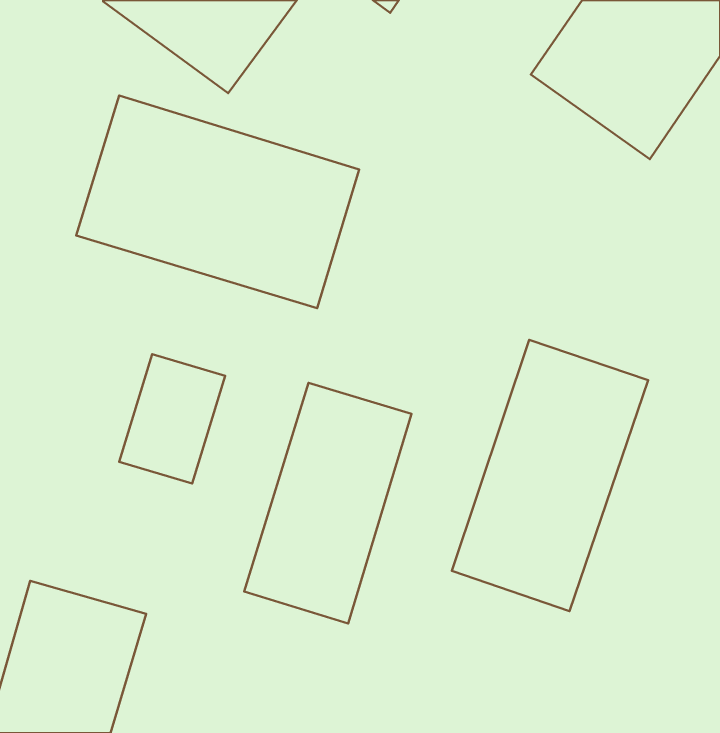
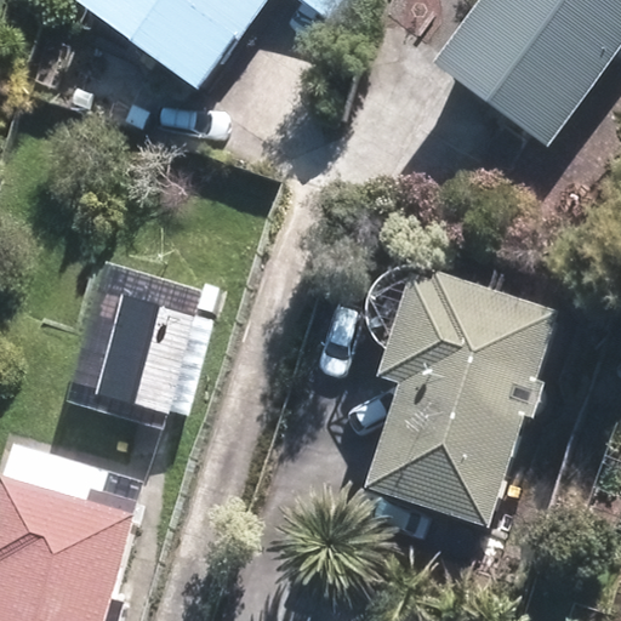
building: [76,96,359,308] -> none
building: [244,383,412,624] -> none

